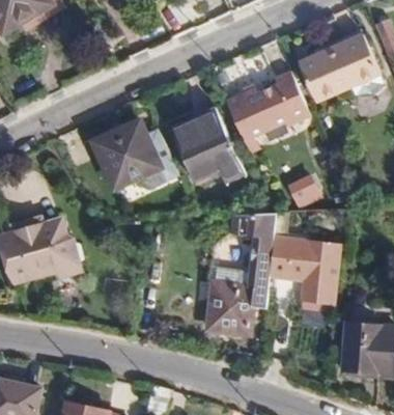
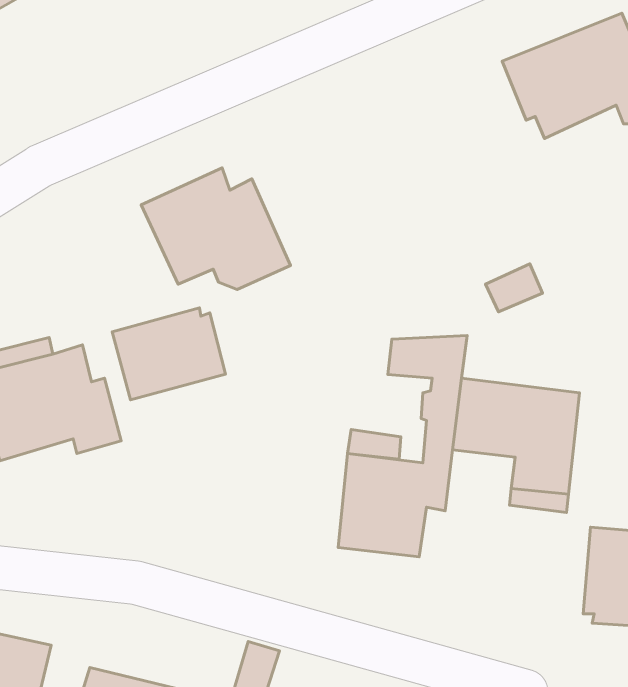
building: [225,71,309,153] -> none
building: [171,106,246,186] -> none
building: none -> [112,308,225,400]

